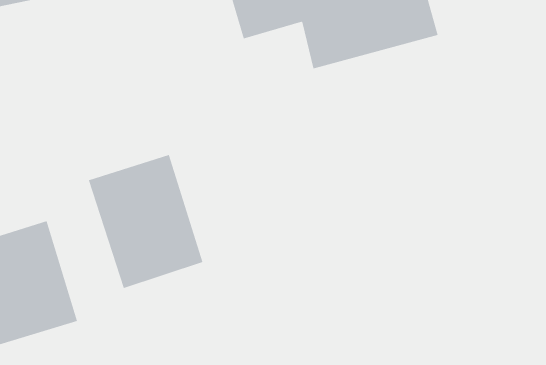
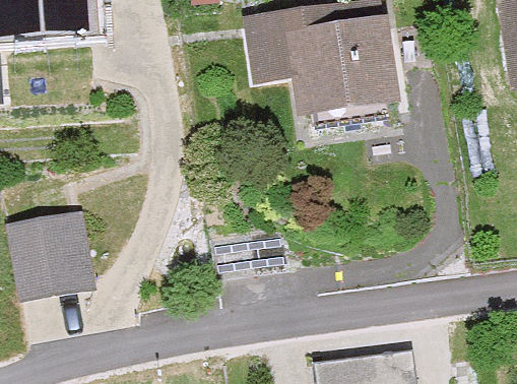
building: [88,154,203,289] -> none

